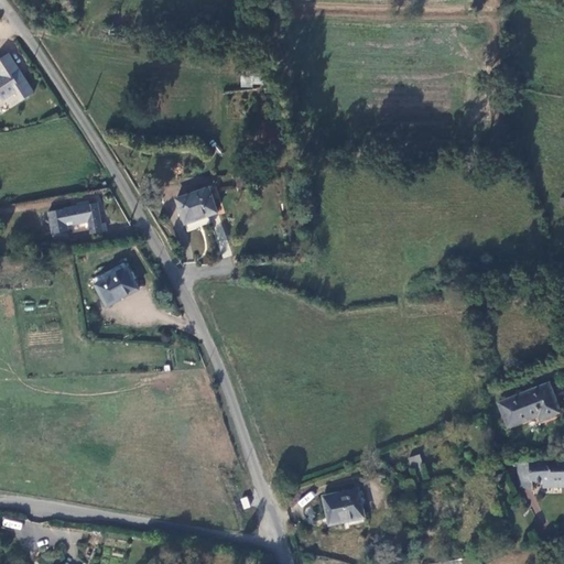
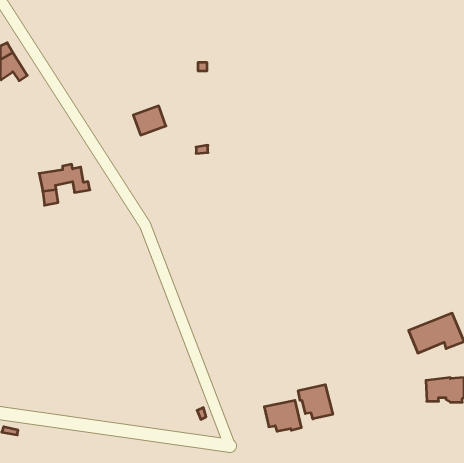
building: [177,188,217,224] -> [133,106,166,135]
building: [96,268,138,305] -> none
building: none -> [298,385,333,419]

